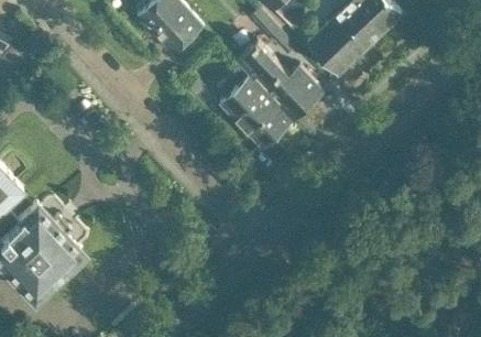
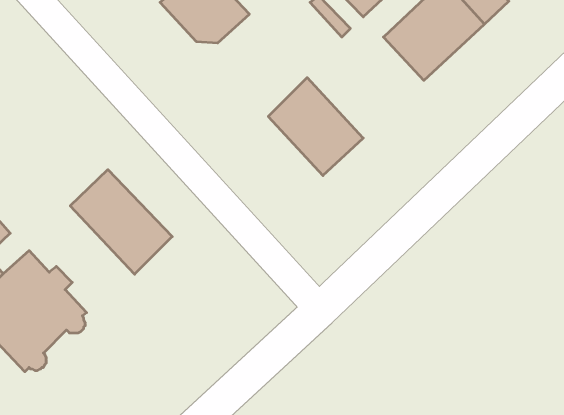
building: [237,41,321,120] -> none
building: none -> [70,170,172,274]

